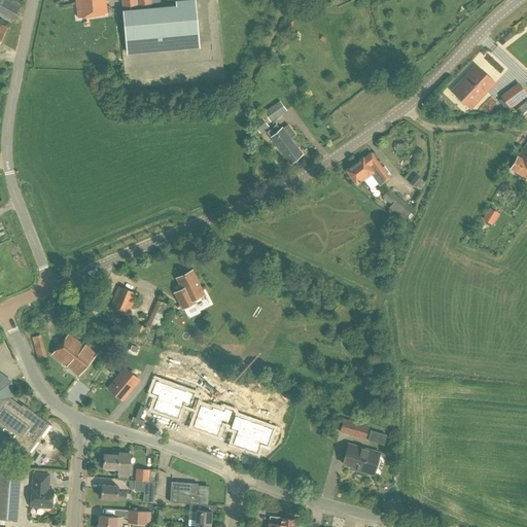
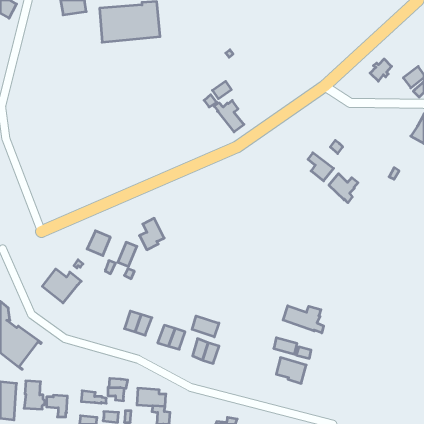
building: [346,152,391,185] -> none
building: none -> [329,174,358,203]
building: [108,368,139,400] -> none
building: none -> [283,306,324,333]
building: none -> [192,316,219,337]
building: [104,453,130,480] -> [47,395,67,417]

